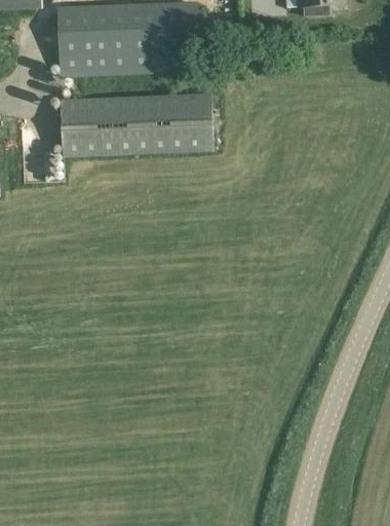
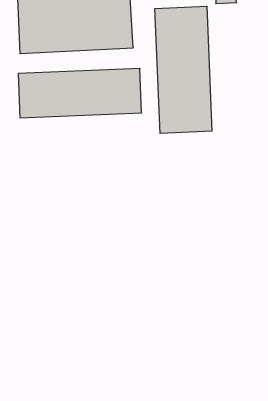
building: none -> [155,6,212,133]

